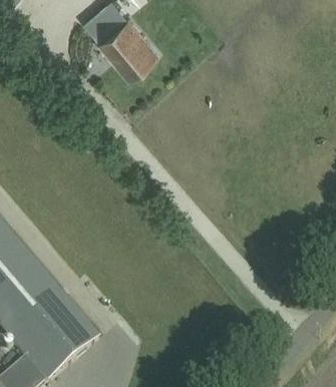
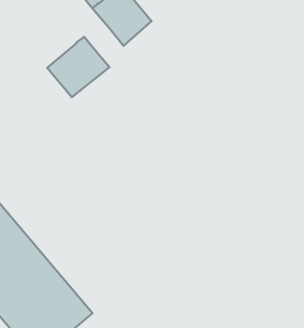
building: none -> [47,37,109,97]

